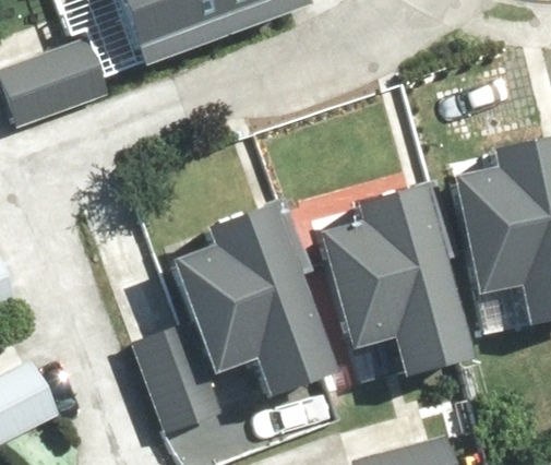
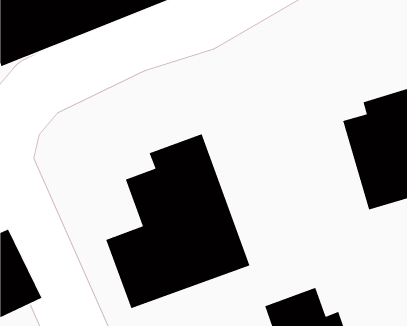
building: [322,186,477,380] -> none

